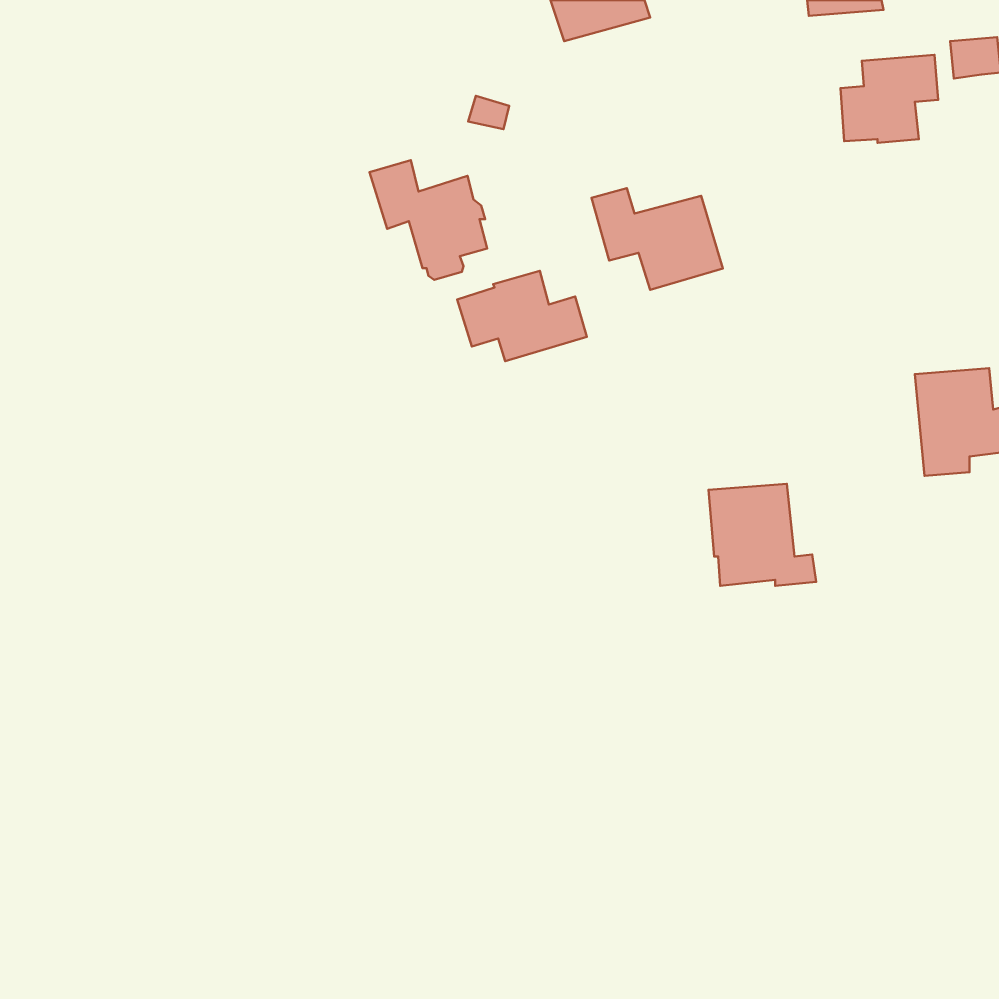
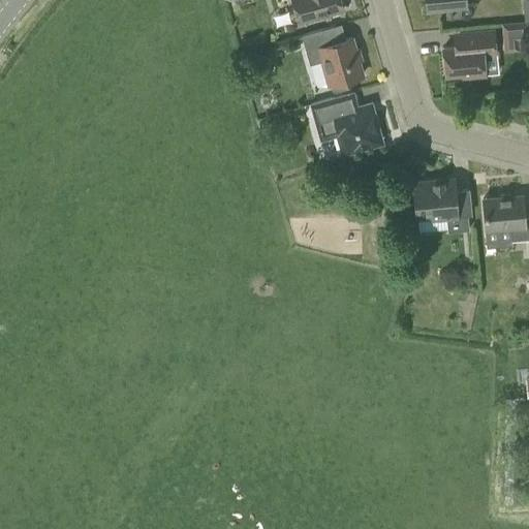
building: [370,160,487,280] -> [302,29,364,92]
building: [457,271,587,361] -> none
building: [708,484,816,586] -> [413,179,470,232]

